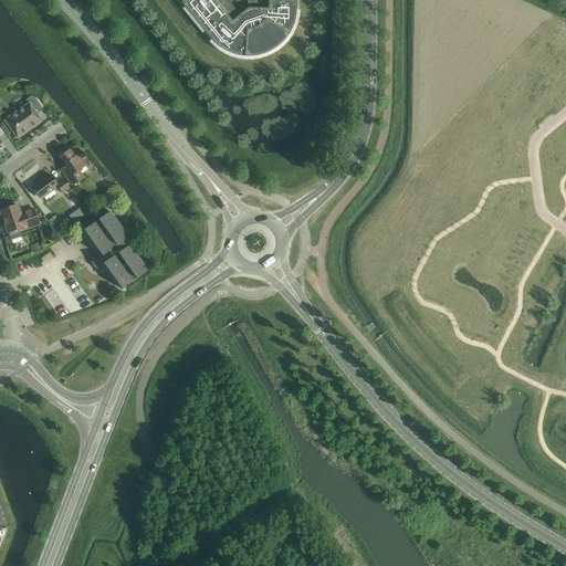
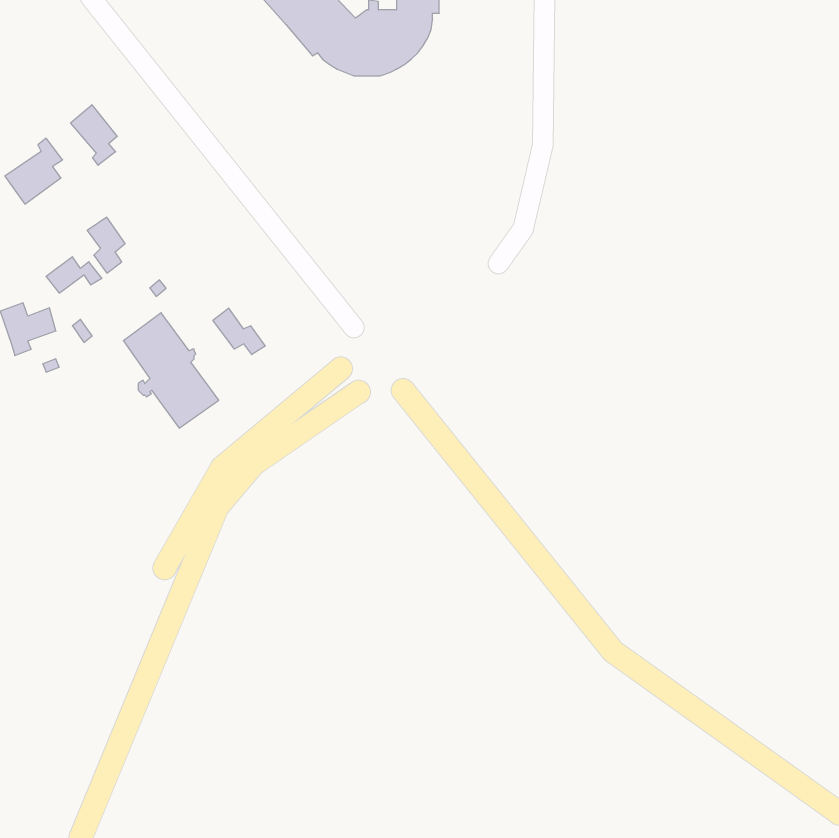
building: none -> [71,105,117,165]
building: none -> [213,308,265,355]

